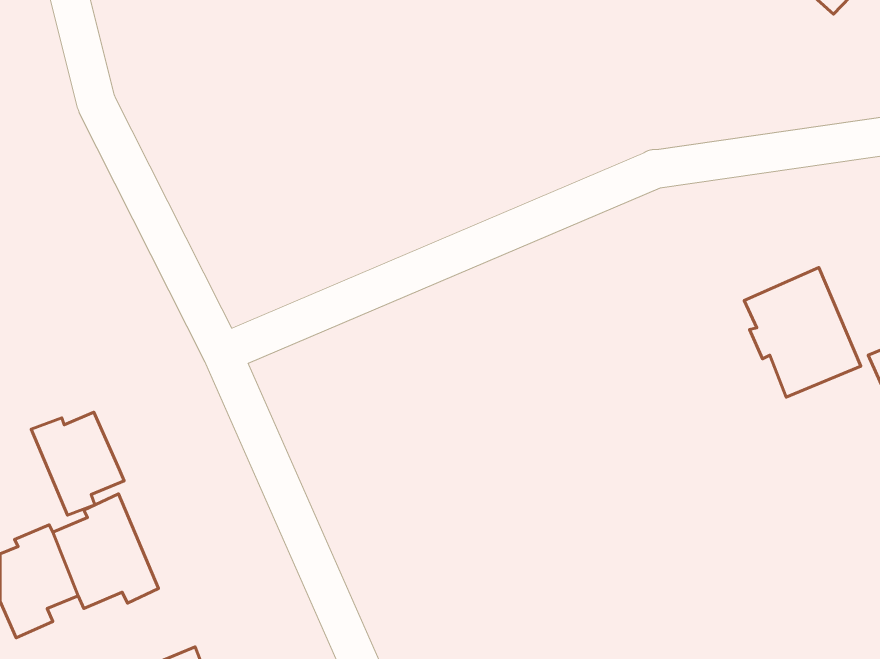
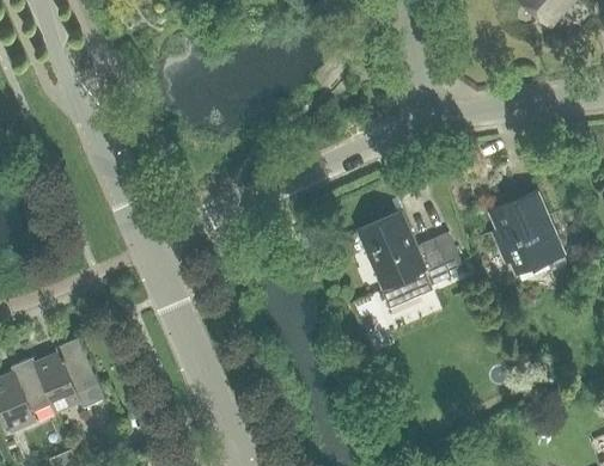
building: none -> [360,214,464,309]
building: [31,412,124,515] -> none

